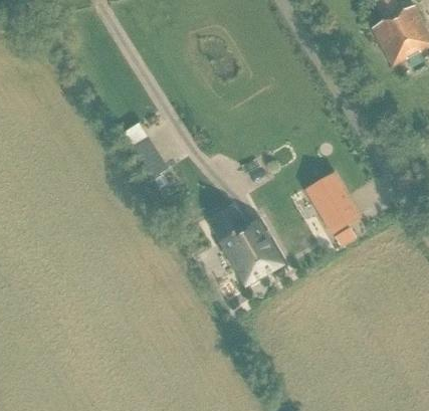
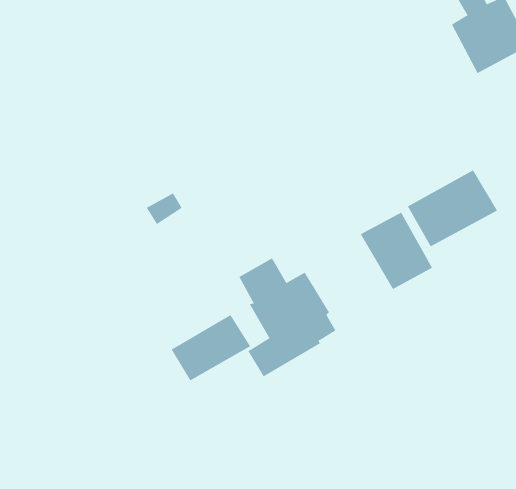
building: none -> [407,169,498,247]
building: none -> [171,314,251,381]

